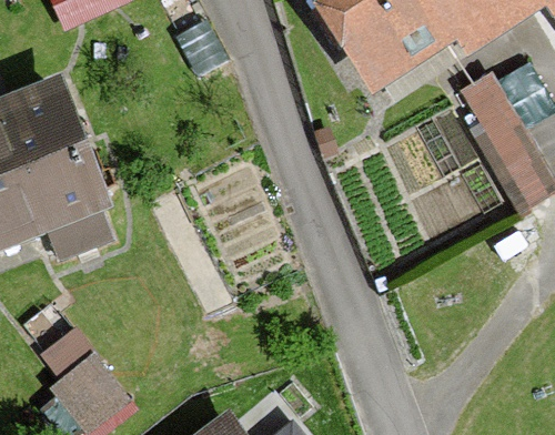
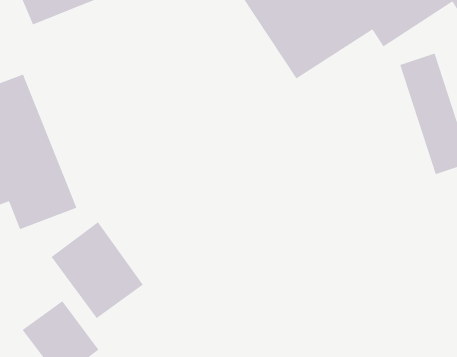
building: none -> [50,221,144,319]

